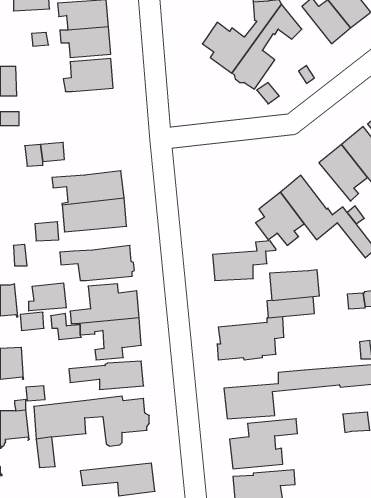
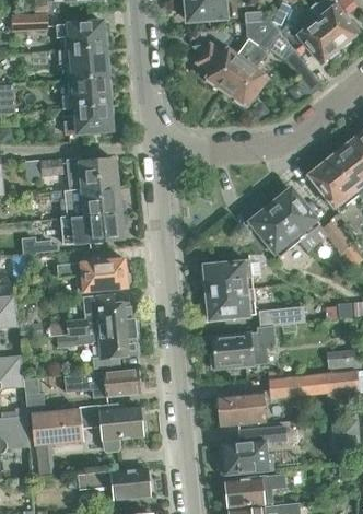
building: none -> [65,105,112,132]
building: none -> [65,157,117,189]
building: [270,270,319,300] -> [208,288,256,317]
building: [29,283,66,311] -> none

